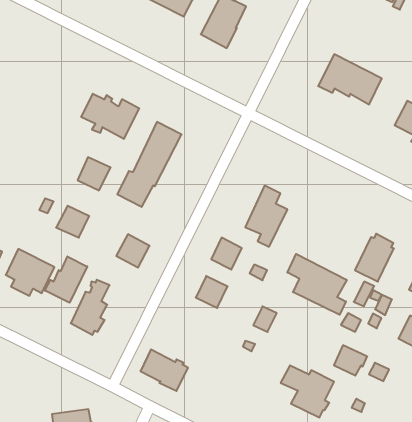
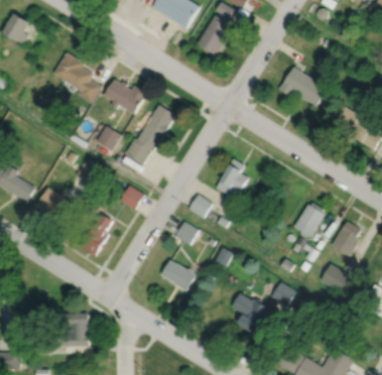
building: none -> [53,53,102,104]
building: [287,254,347,315] -> none
building: [45,256,87,303] -> none
building: [140,350,188,391] -> [160,260,196,292]

